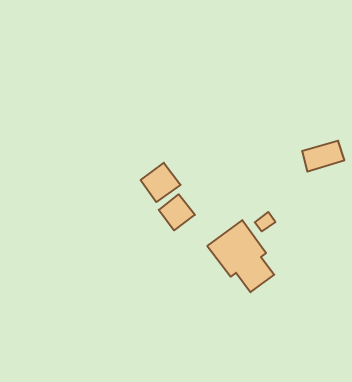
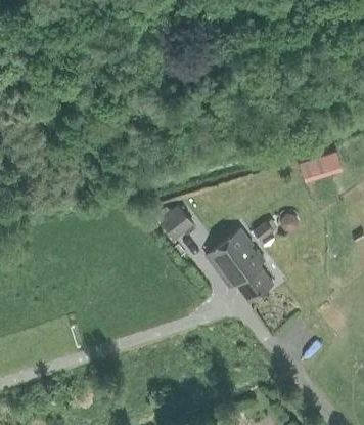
building: [141,163,181,202] -> none

